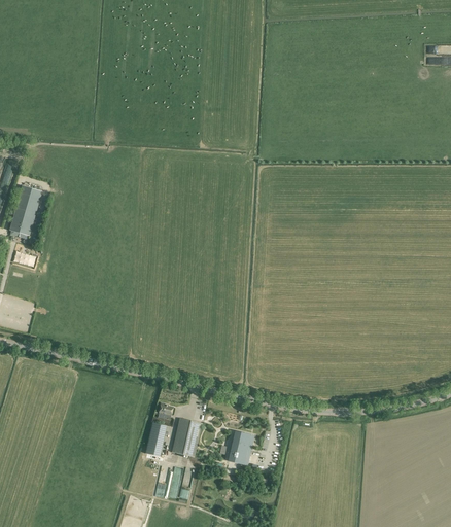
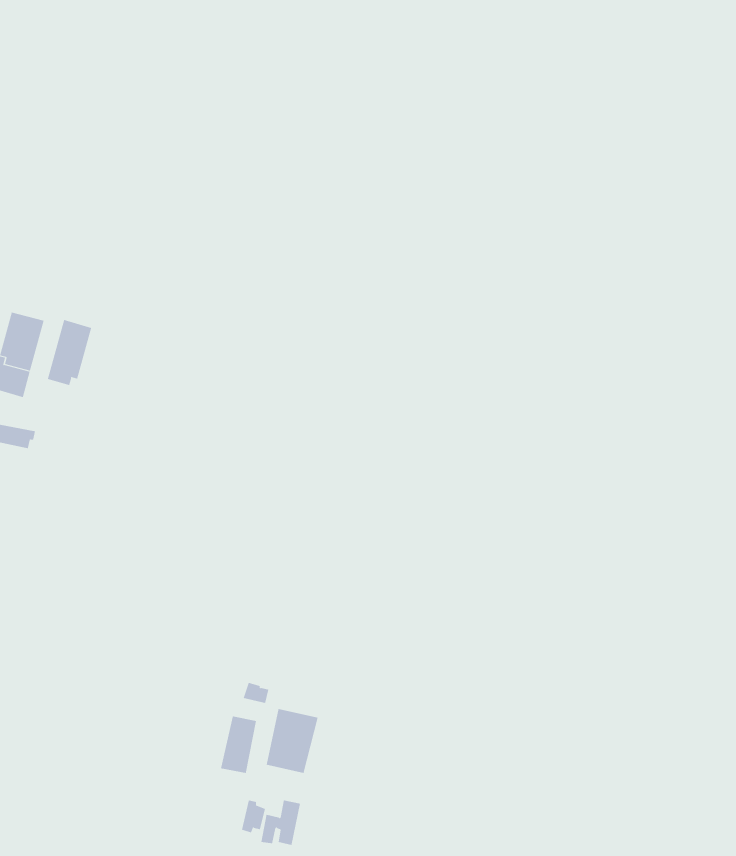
building: none -> [47,319,92,386]
building: [228,430,252,464] -> none

